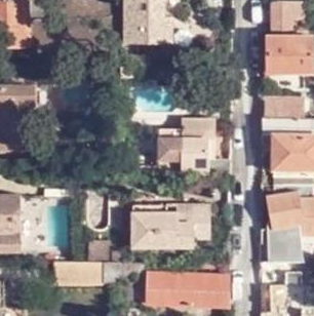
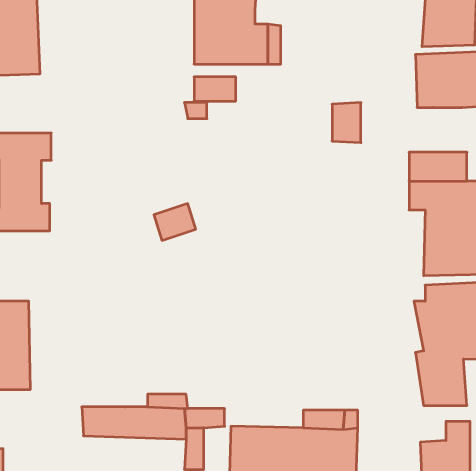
building: [163,120,231,175] -> none
building: [129,204,210,246] -> none

